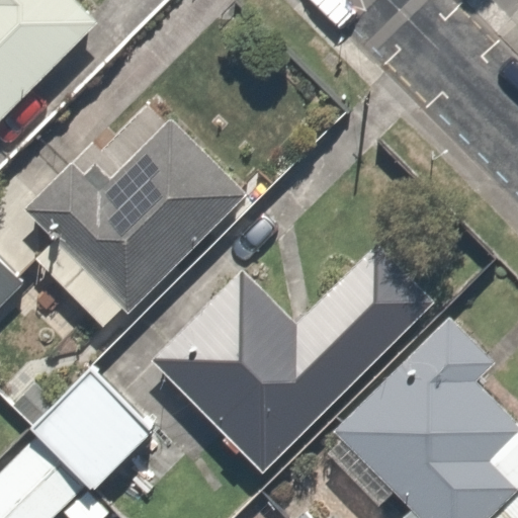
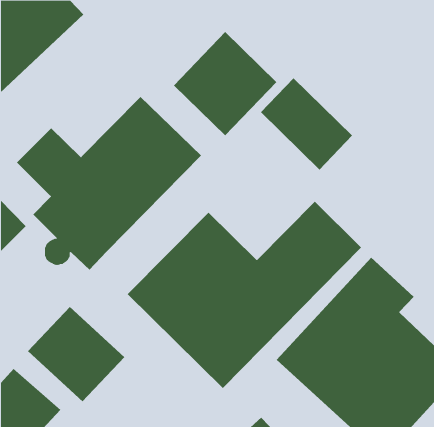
building: none -> [173,31,277,136]
building: none -> [260,77,353,171]

